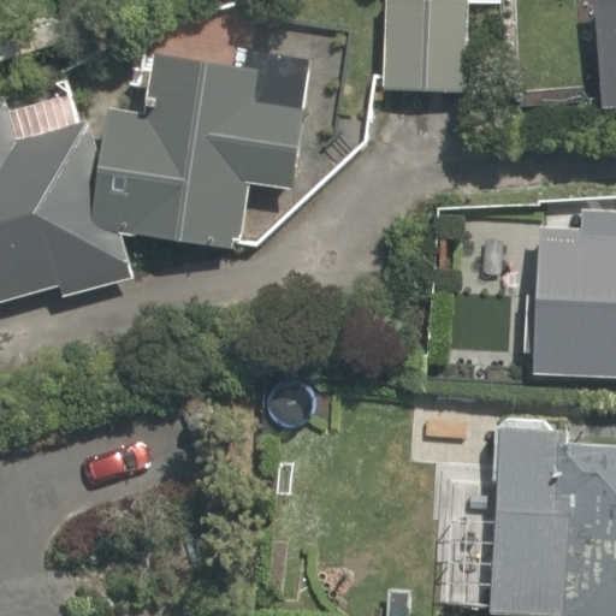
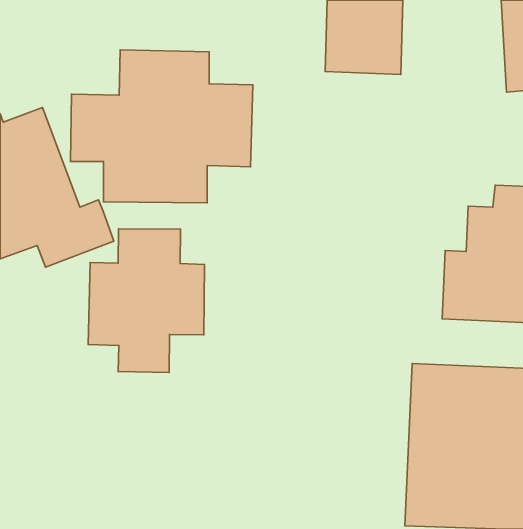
building: none -> [88,229,204,372]

